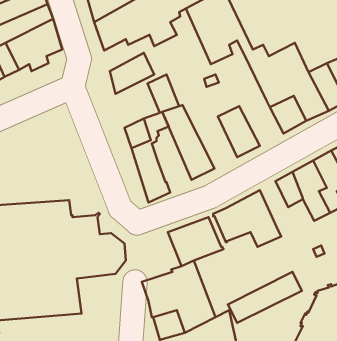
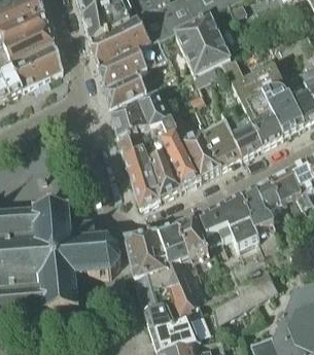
building: none -> [100,56,146,88]
building: none -> [111,100,150,140]
building: none -> [220,110,263,156]
building: none -> [167,111,220,177]
building: none -> [143,139,179,199]
building: none -> [241,188,274,230]
building: none -> [125,235,170,280]

